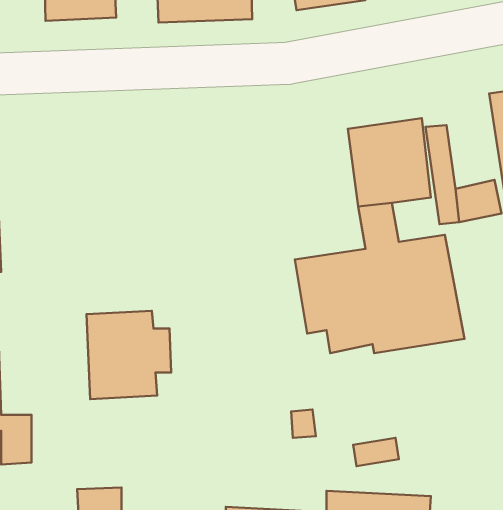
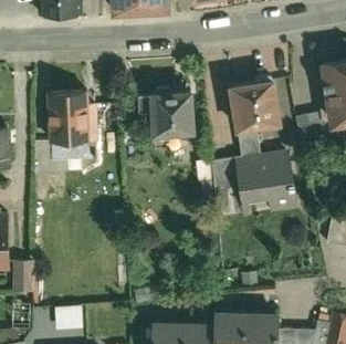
building: none -> [135,87,191,135]
building: [86,311,171,399] -> [45,91,98,146]

